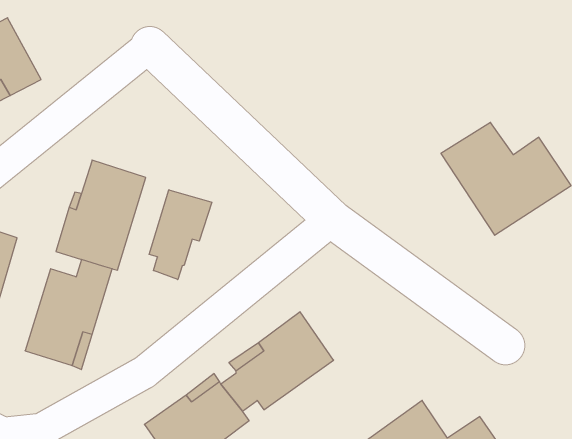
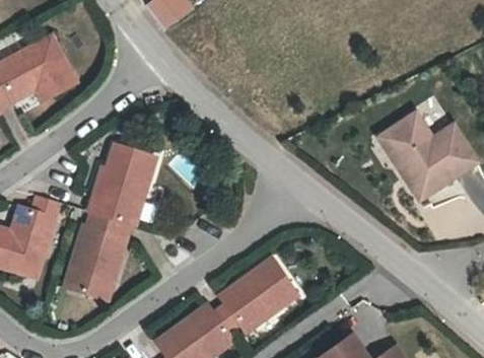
building: [149,190,212,280] -> none

